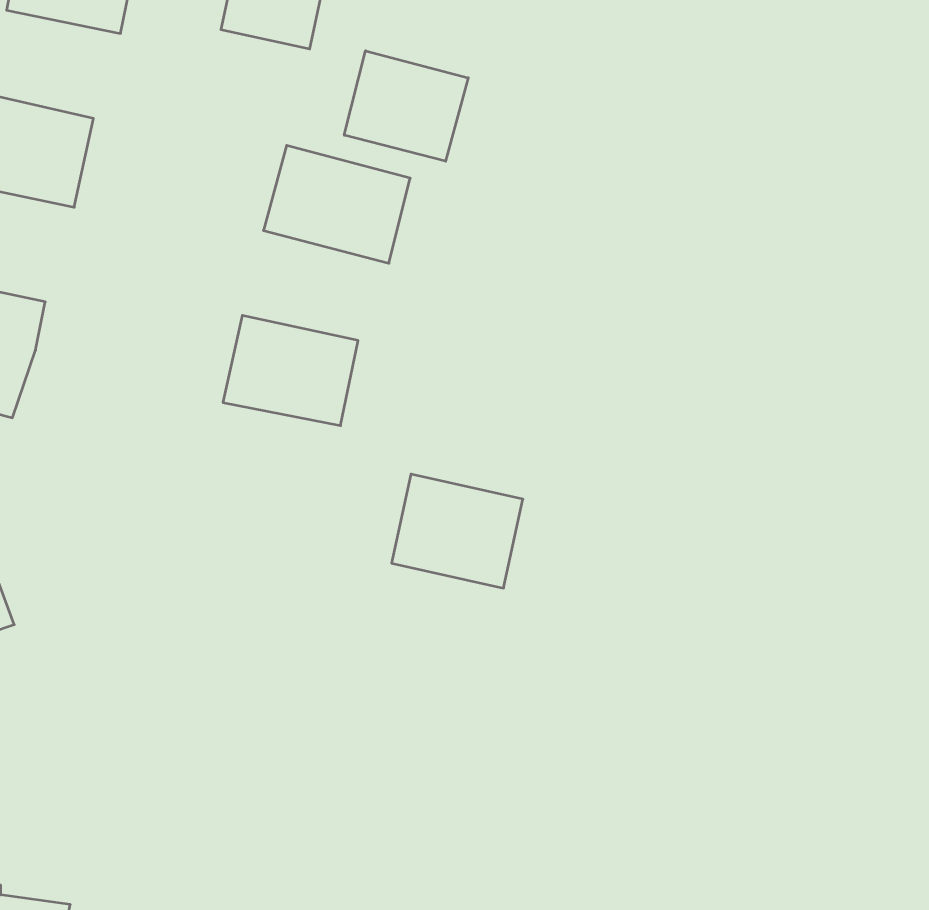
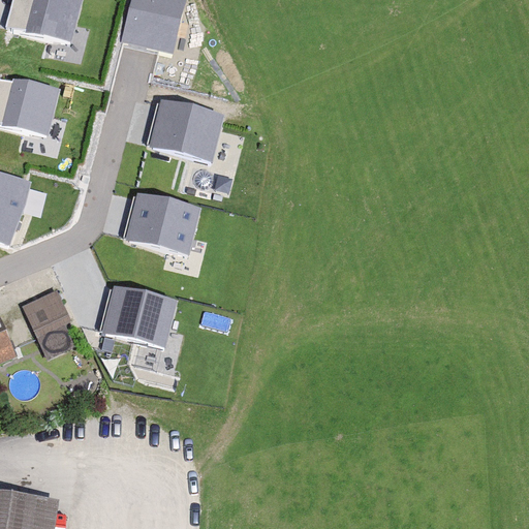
building: [344,51,468,161] -> none
building: [392,474,523,588] -> [104,283,175,344]
building: none -> [27,291,73,352]

